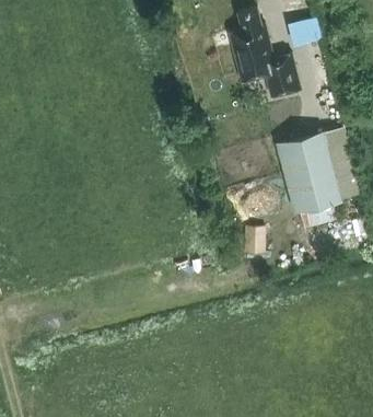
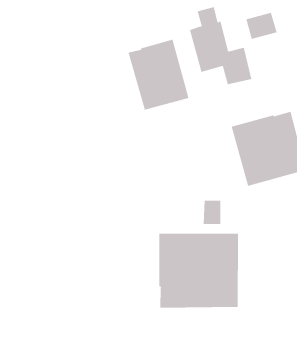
building: none -> [128,39,189,110]
building: none -> [159,233,238,308]

